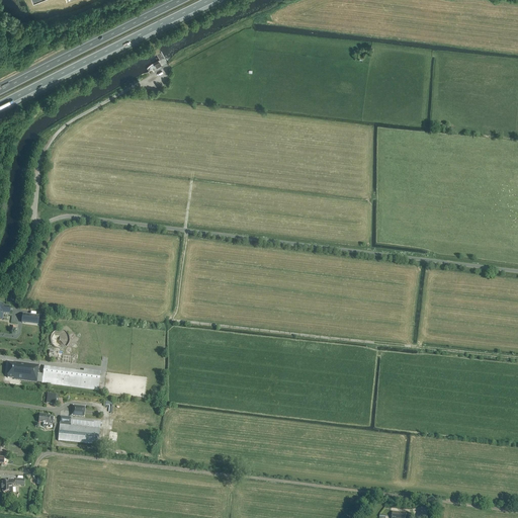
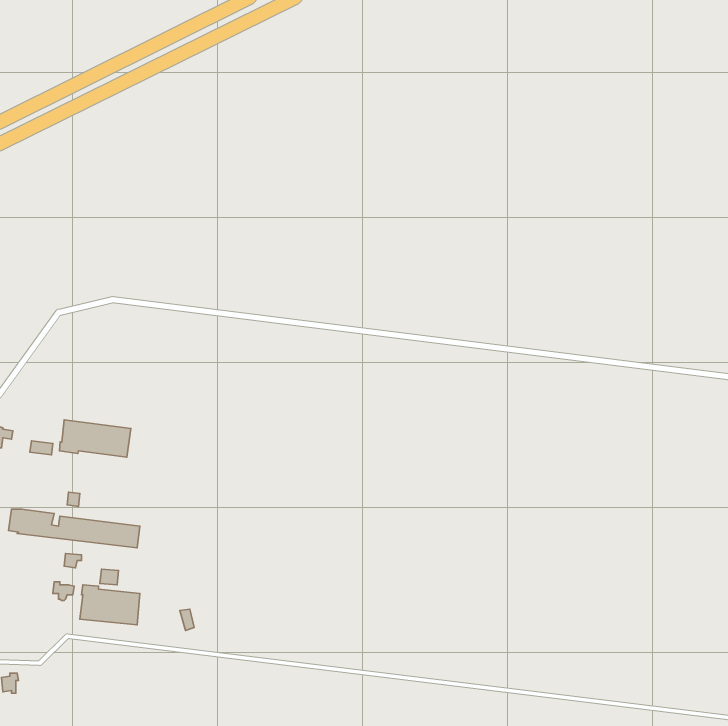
building: none -> [60,420,131,457]

